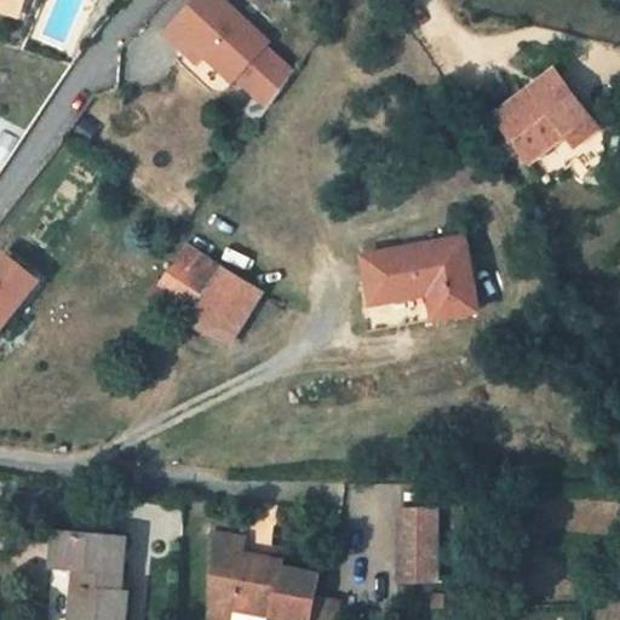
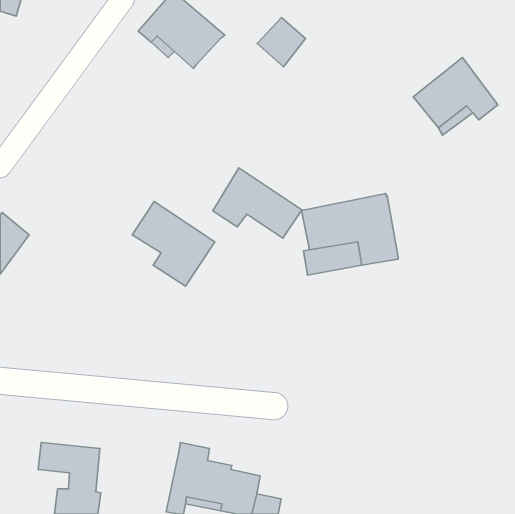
building: [236,46,294,105] -> [257,17,306,67]
building: none -> [213,168,302,238]
building: [395,512,436,587] -> none

